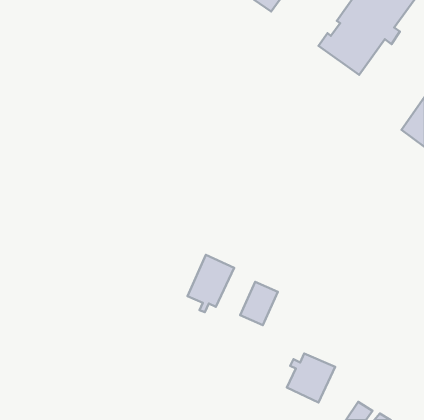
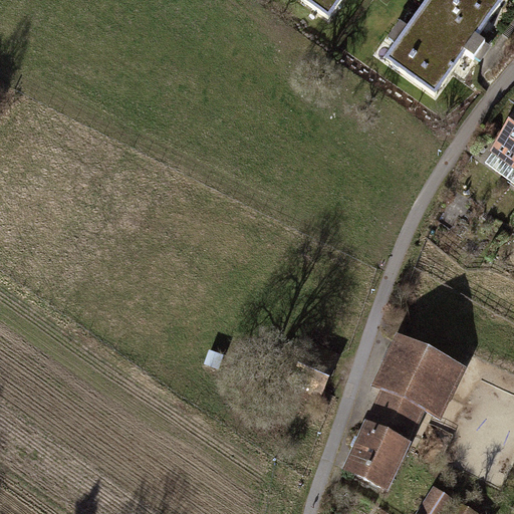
building: [188,255,234,312] -> none
building: none -> [368,342,458,443]

